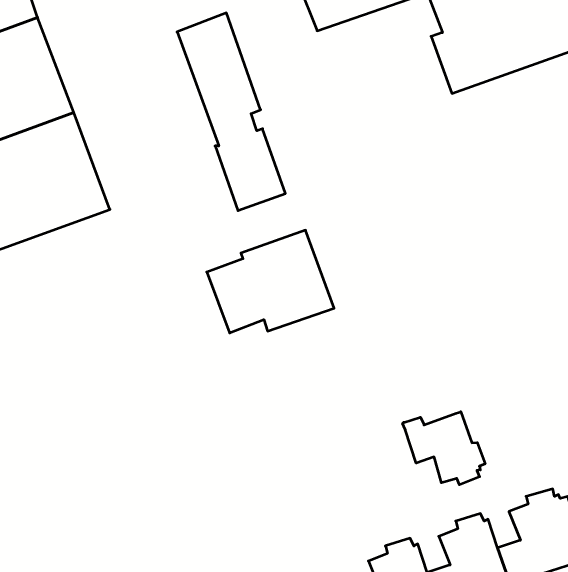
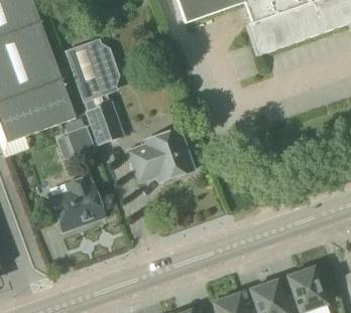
building: [177,13,285,211] -> [67,41,124,146]
building: none -> [66,126,96,159]
building: none -> [50,176,105,232]
building: [403,412,485,485] -> none

